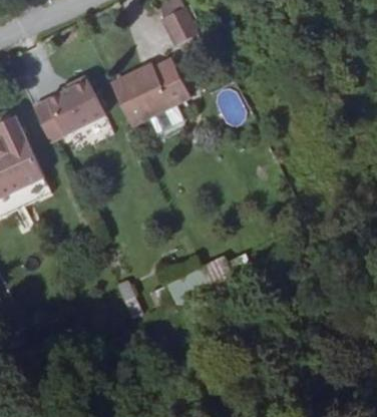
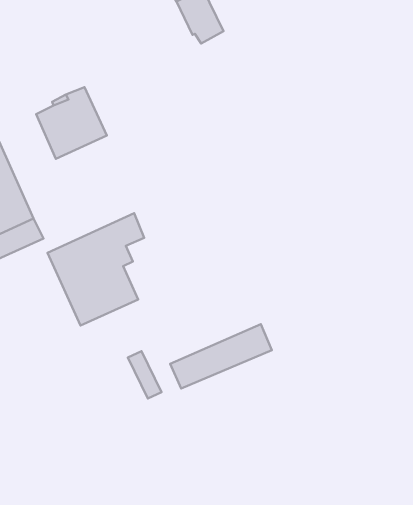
building: [113,62,194,134] -> none
building: none -> [48,213,144,326]

